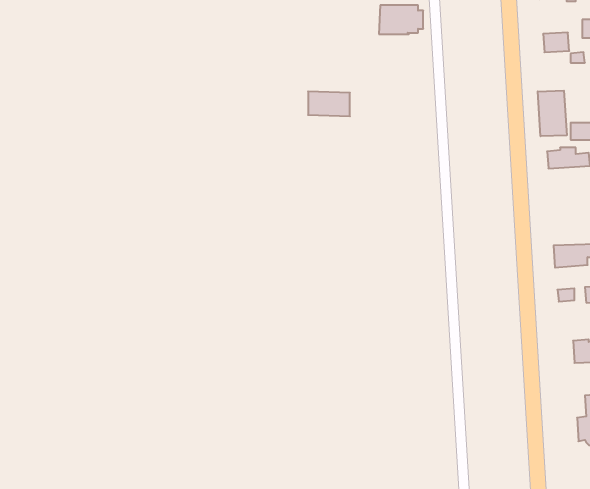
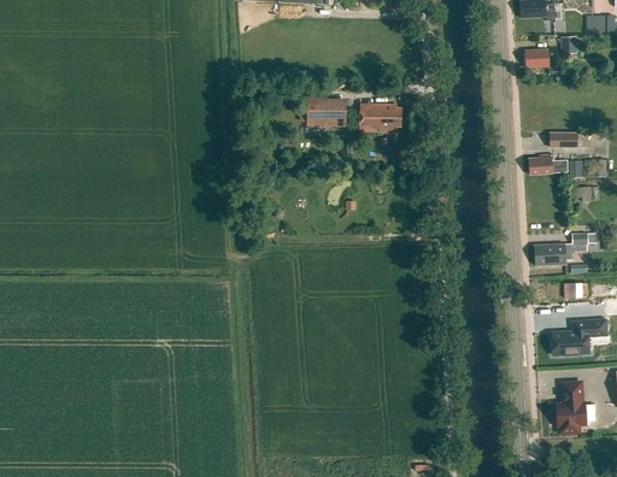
building: [379,5,423,34] -> [359,104,400,130]
building: [538,91,567,136] -> none

